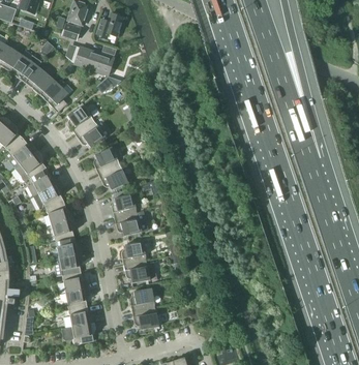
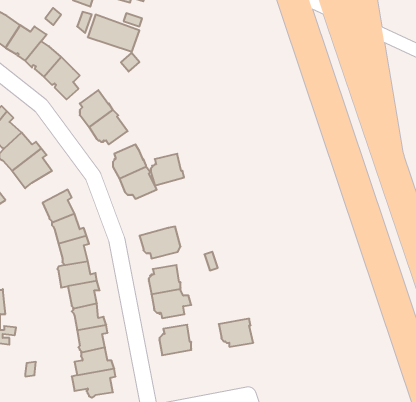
building: [27,168,58,195] -> none
building: [111,193,137,218] -> [151,154,184,186]
building: [131,307,158,329] -> [219,319,253,347]

